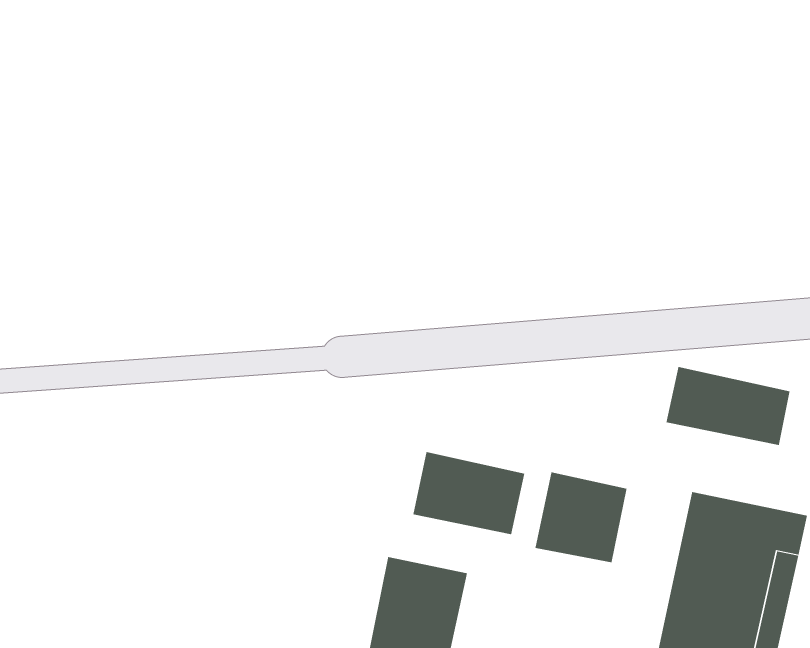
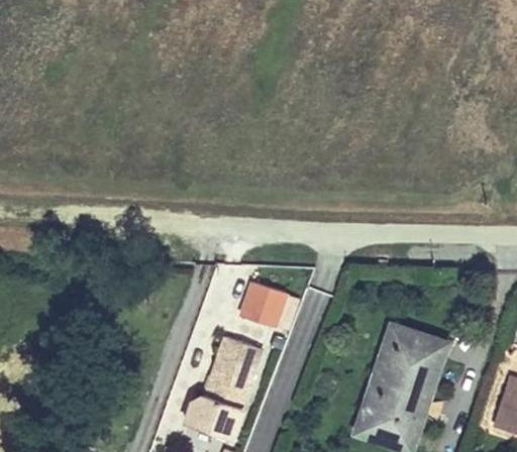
building: [666,366,790,446] -> none
building: [535,471,627,563] -> none

